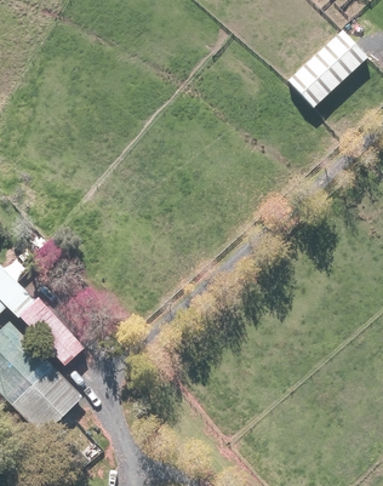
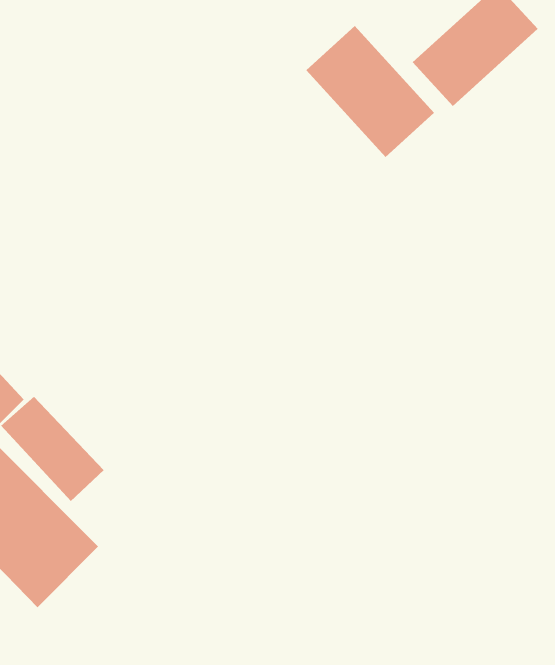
building: none -> [305,25,435,158]

